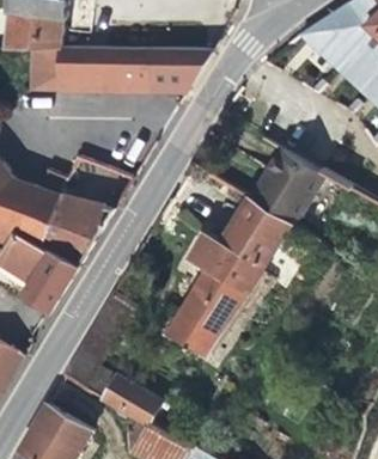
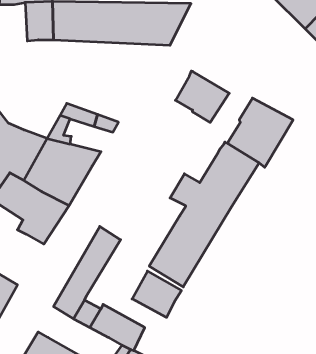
building: none -> [175,71,229,122]
building: none -> [132,271,181,317]

